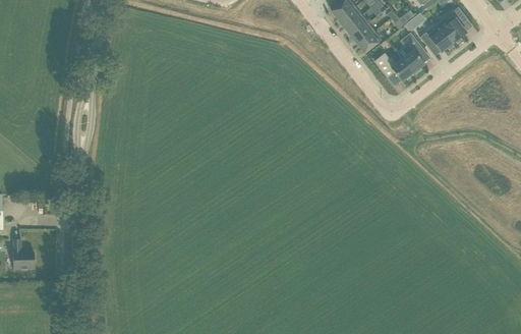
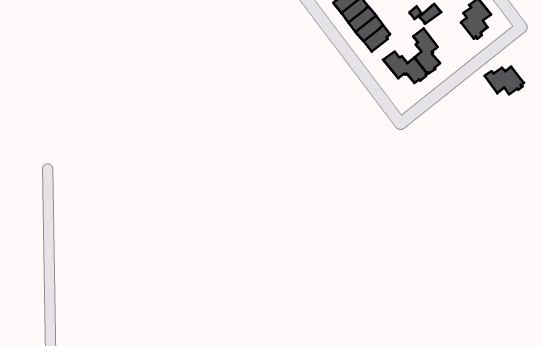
building: [419,27,454,52] -> [485,67,524,94]

